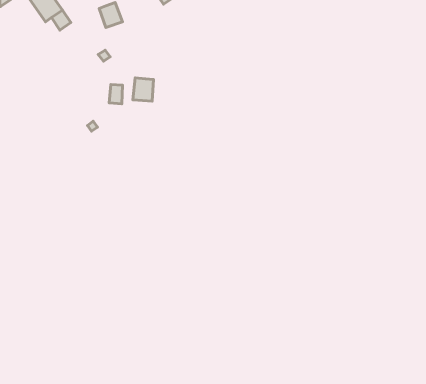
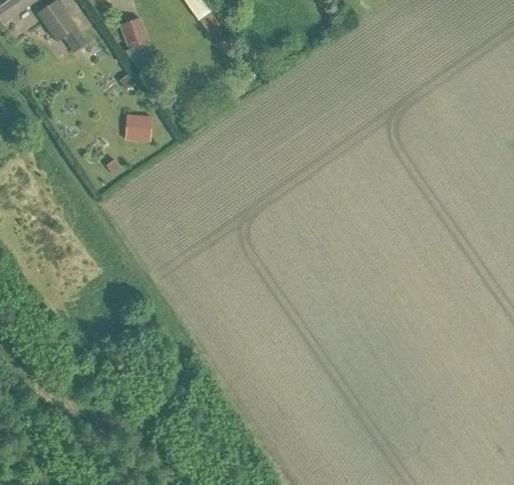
building: [133,78,153,101] -> none

